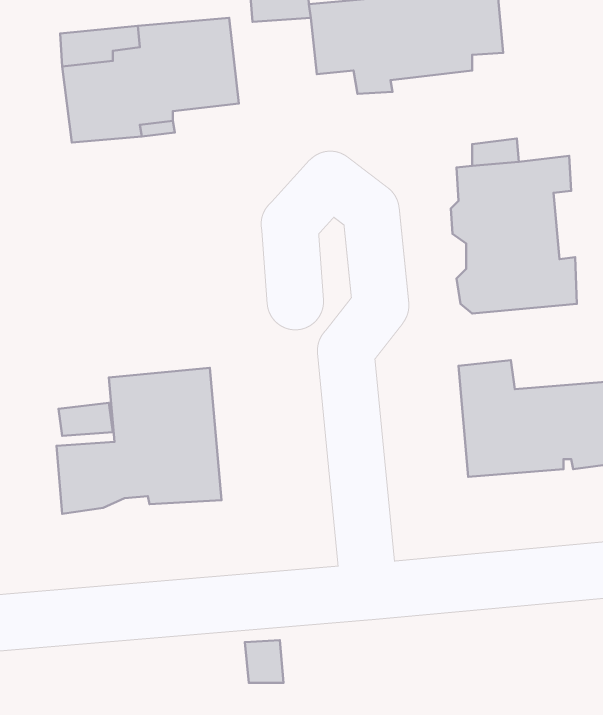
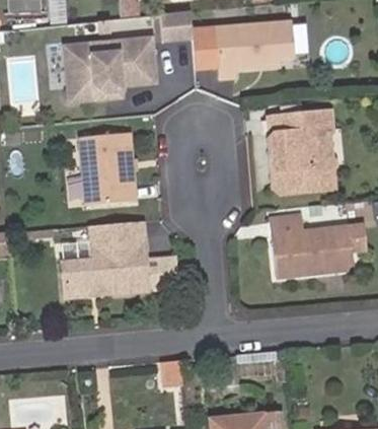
building: none -> [82,129,138,202]

